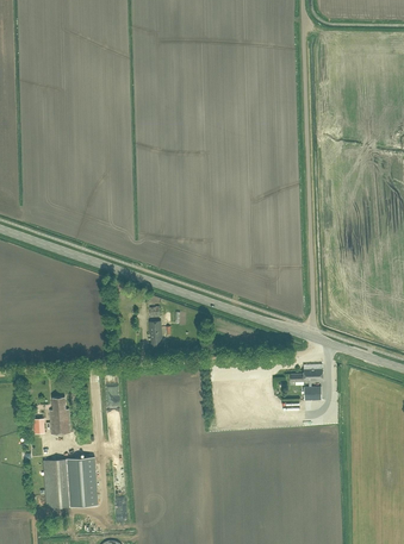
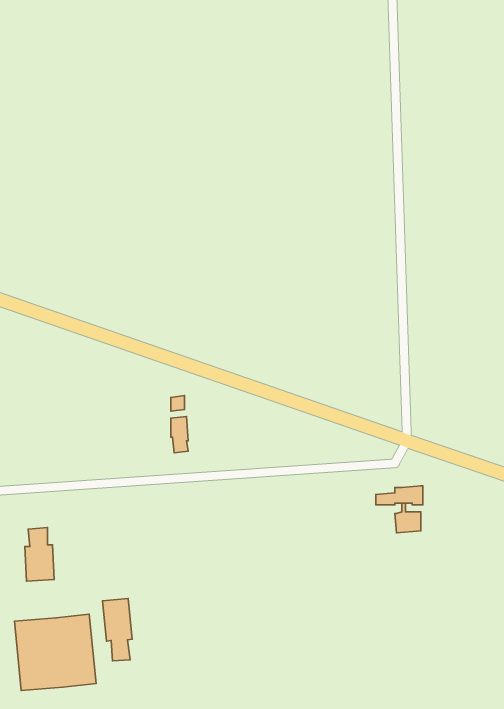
building: none -> [102,599,132,661]

